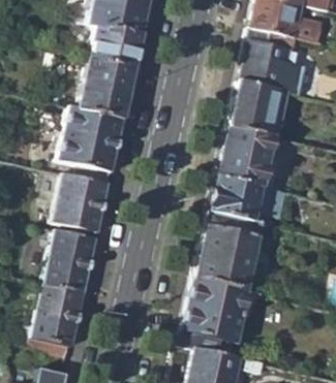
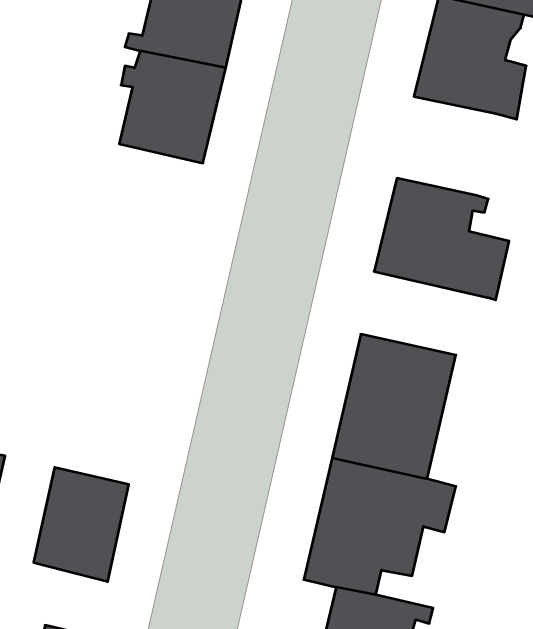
building: [230,82,283,135] -> none
building: [59,106,124,170] -> none
building: [54,173,110,231] -> none
building: [210,177,285,224] -> none
building: [43,230,96,292] -> none

